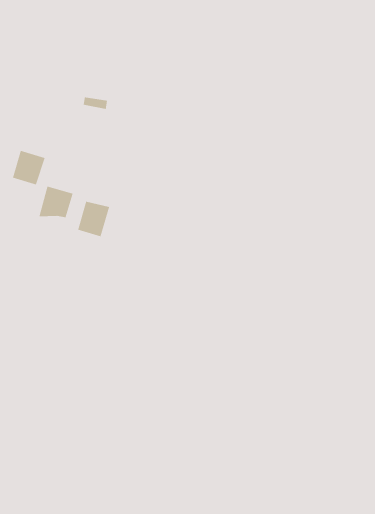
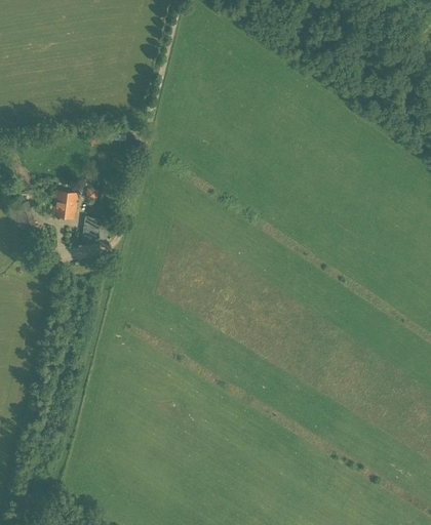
building: [77,201,110,237] -> none

